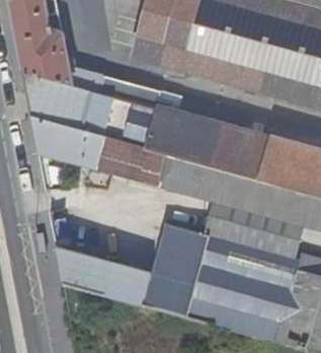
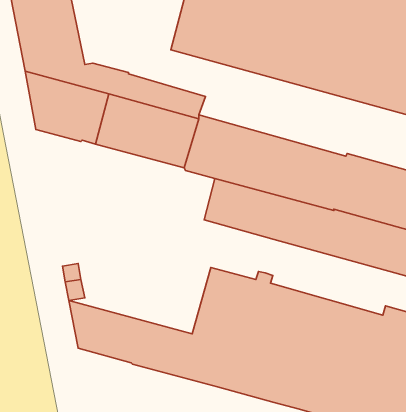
building: [31,117,168,186] -> none
building: [207,201,306,259] -> none

